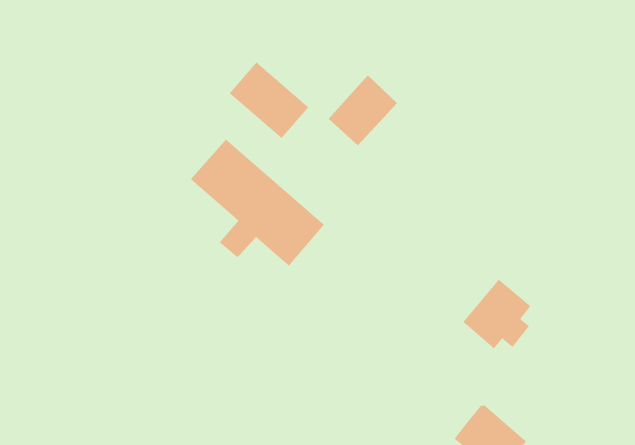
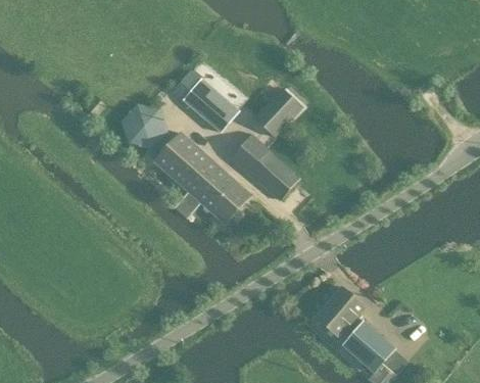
building: none -> [129,107,178,152]
building: none -> [229,135,299,200]
building: [463,279,531,349] -> [314,288,363,338]

